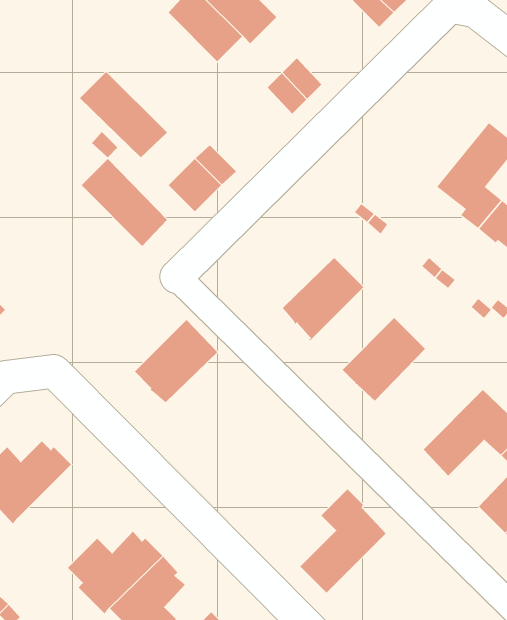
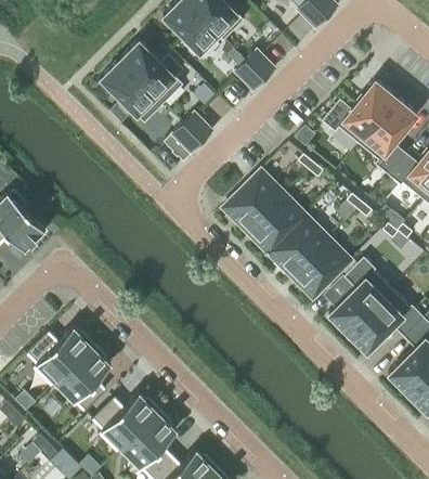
building: none -> [322,80,395,143]
building: [81,158,168,247] -> [119,40,182,104]
building: none -> [266,216,327,275]
building: [134,319,218,403] -> [223,170,284,231]
building: none -> [55,344,112,411]
building: [299,488,386,594] -> [328,257,391,333]

